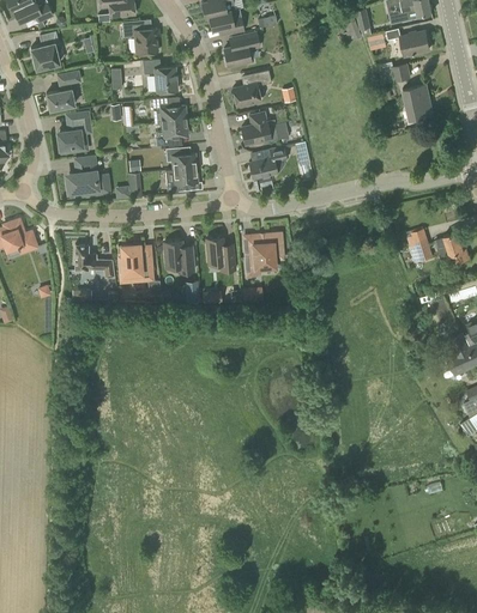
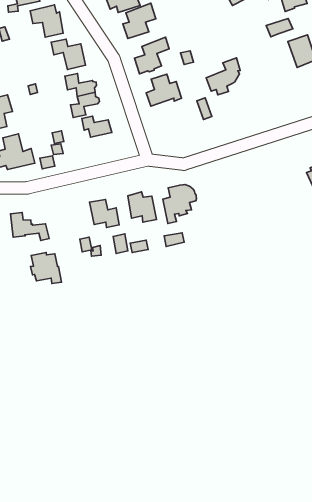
building: [248,145,286,183] -> [206,58,240,95]
building: [165,168,198,192] -> none
building: [119,244,151,279] -> [30,253,62,283]

